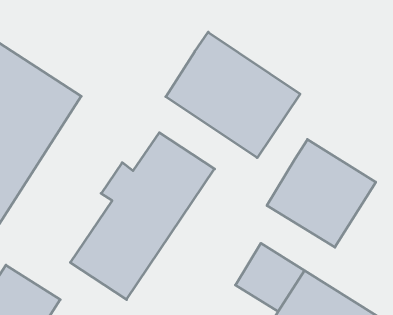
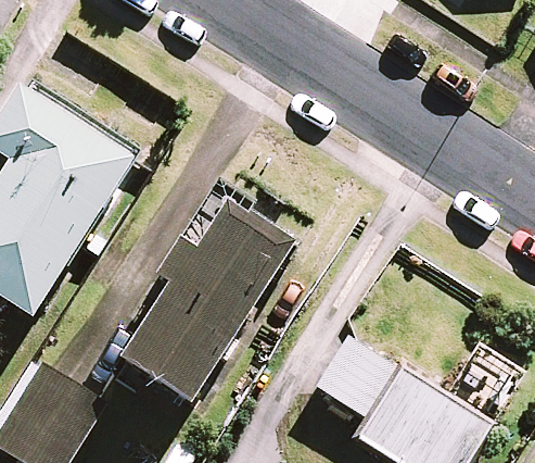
building: [166,32,300,158] -> none
building: [267,139,376,247] -> none

